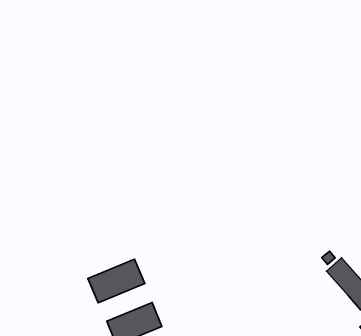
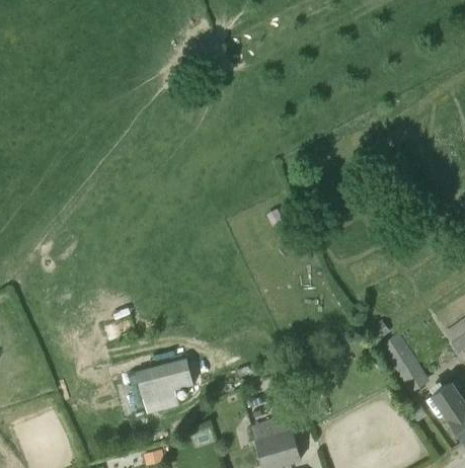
building: [88,259,145,303] -> none

